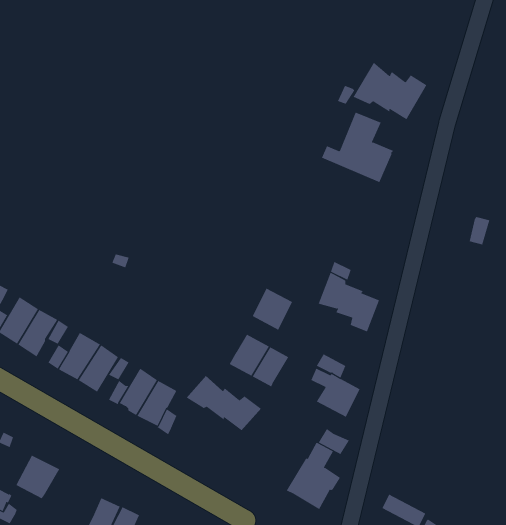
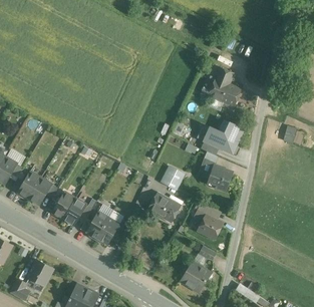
building: [353,62,427,120] -> none
building: none -> [202,119,243,154]
building: [186,375,262,431] -> none

